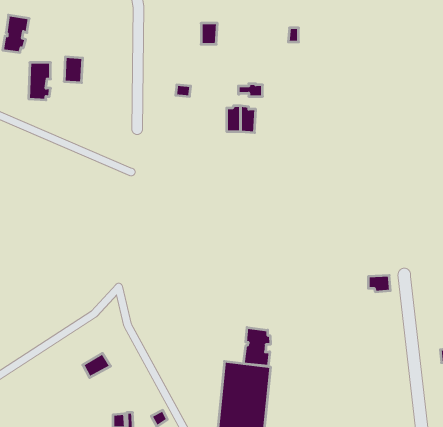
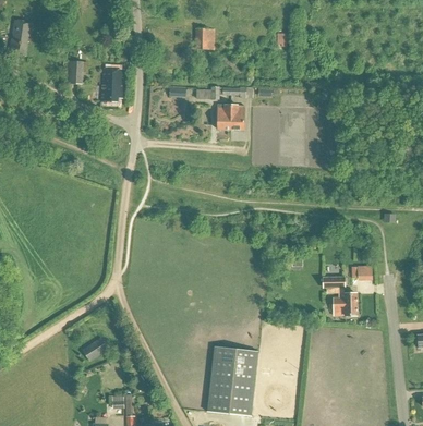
building: [29,63,51,100] -> [100,69,121,104]
building: none -> [321,276,354,315]
building: [244,327,270,366] -> none

